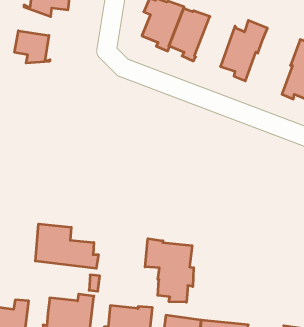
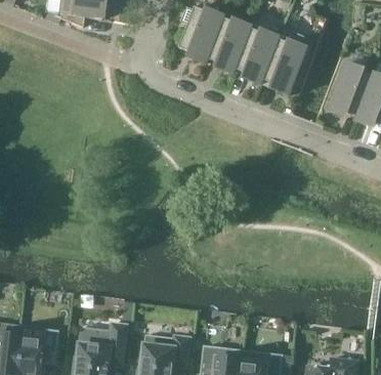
building: none -> [236,26,279,83]
building: [15,31,50,63] -> none
building: [35,224,98,268] -> none
building: [145,239,194,302] -> none

